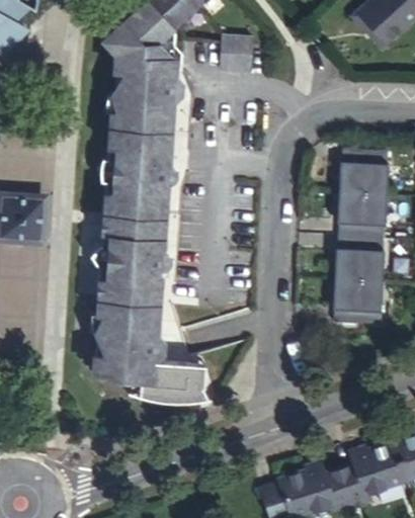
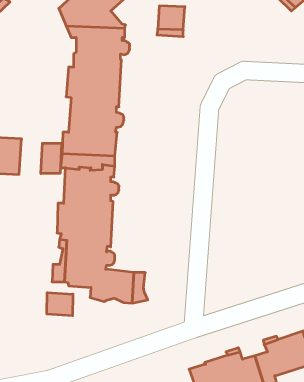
building: [333,146,390,317] -> none
building: none -> [41,143,62,174]
building: none -> [47,293,73,316]

